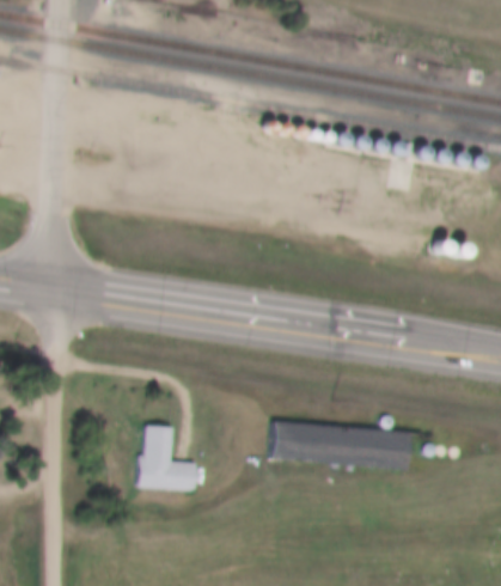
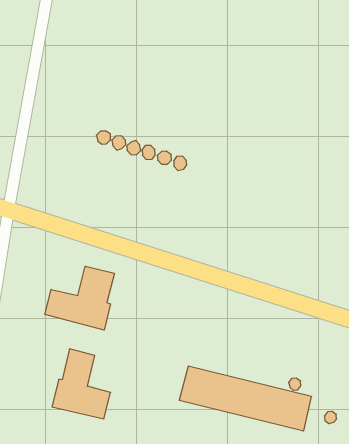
building: none -> [45,266,114,330]

